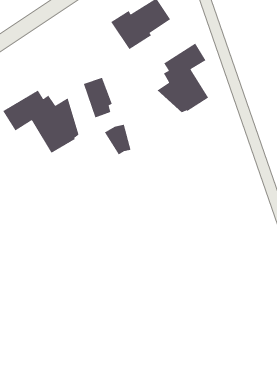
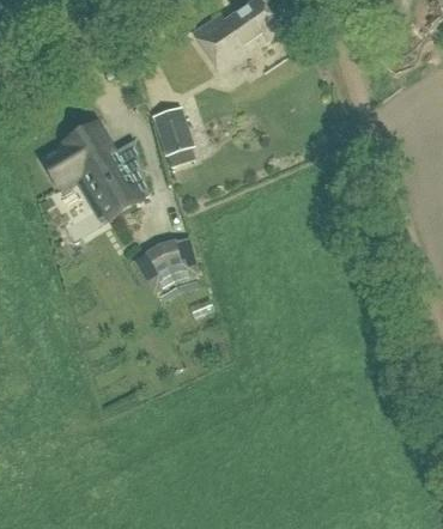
building: [156,42,209,113] -> none
building: [104,124,131,155] -> [145,242,183,286]

